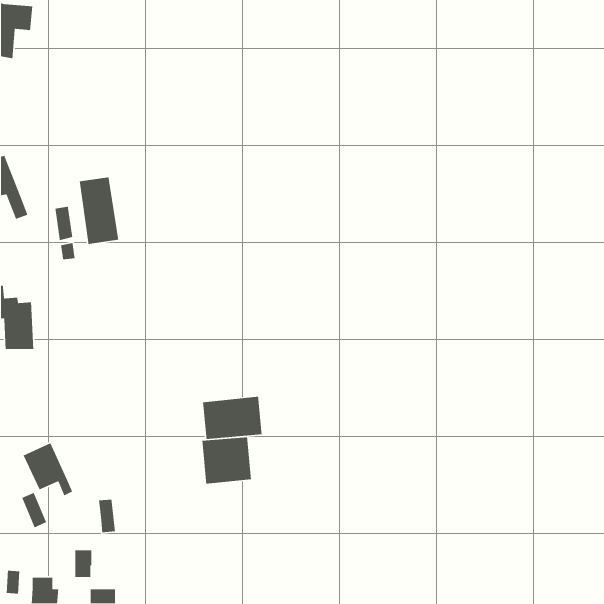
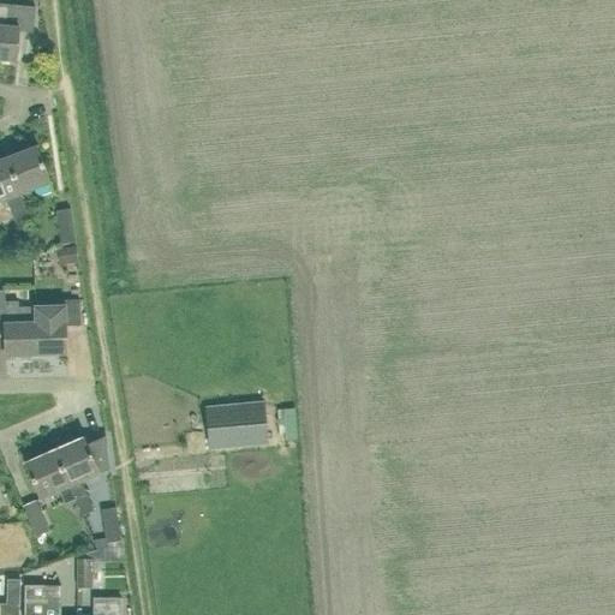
building: none -> [5,145,49,193]
building: [79,176,119,245] -> none
building: none -> [32,299,79,356]
building: none -> [52,436,109,500]
building: [201,437,252,485] -> none

